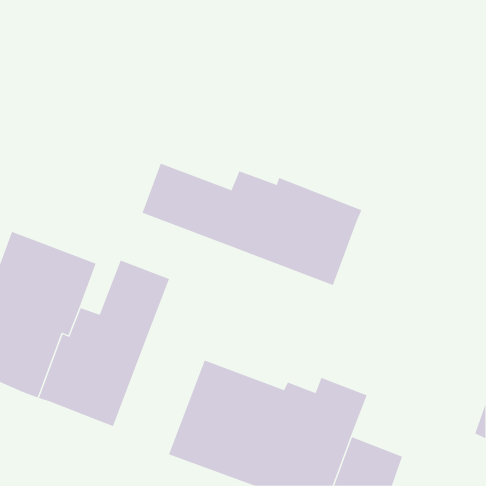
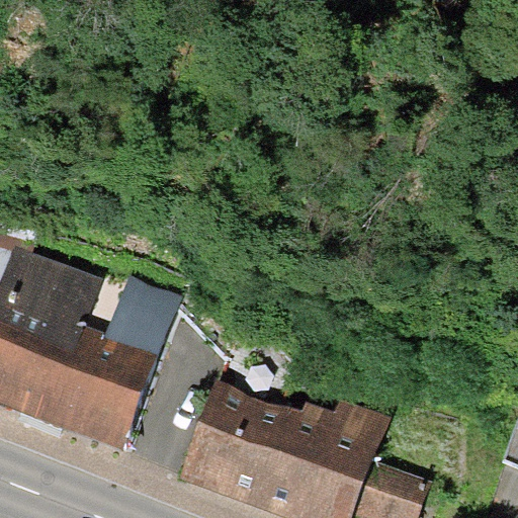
building: [142,163,362,286] -> none

